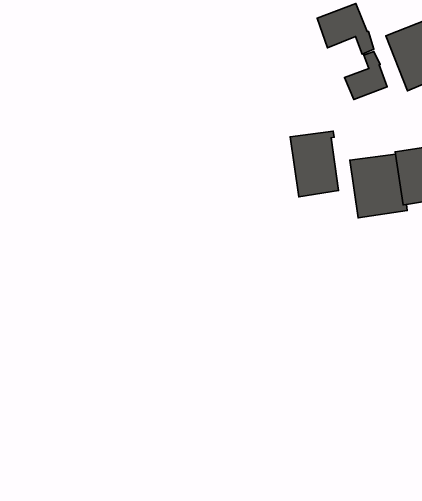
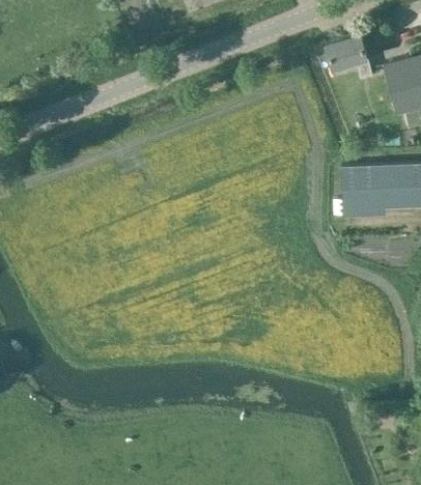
building: [345,51,387,100] -> none
building: [290,131,338,197] -> none

